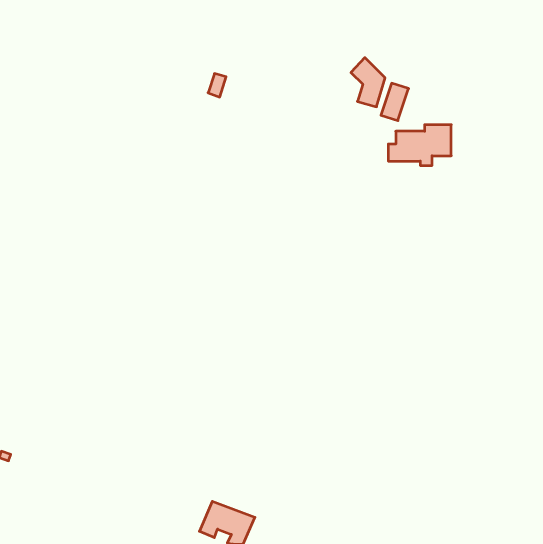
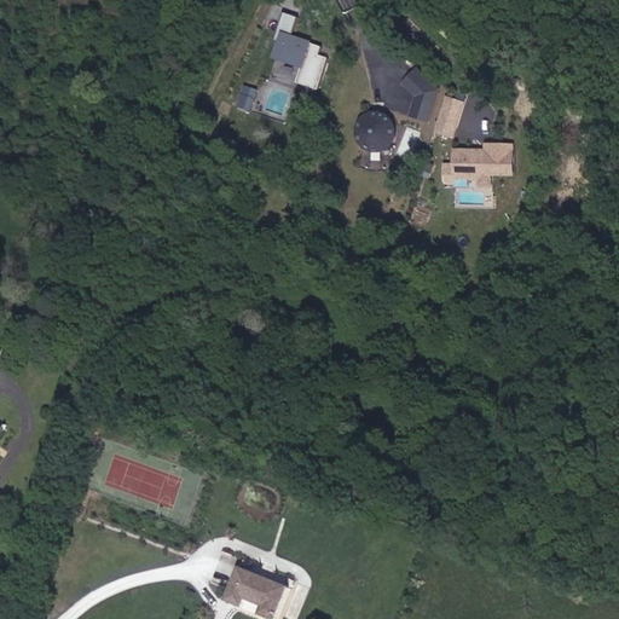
building: none -> [270,31,325,87]
building: none -> [349,110,393,154]

